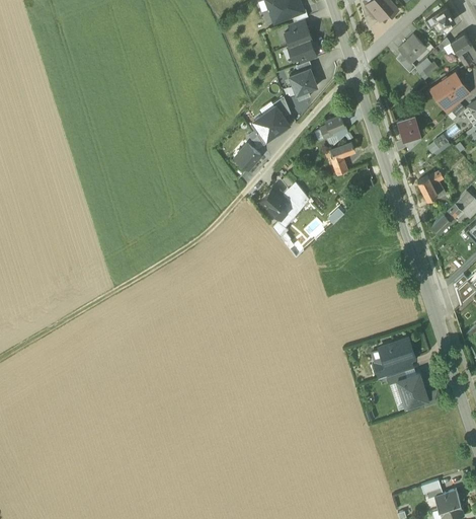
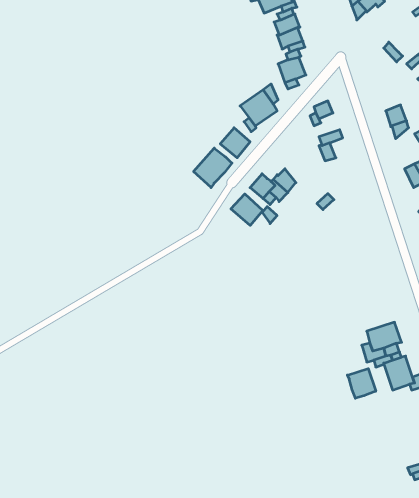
building: [399,35,427,63] -> none
building: none -> [194,148,232,188]
building: none -> [231,194,263,225]
building: none -> [347,369,376,398]

